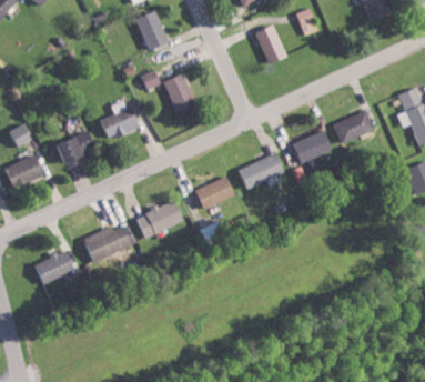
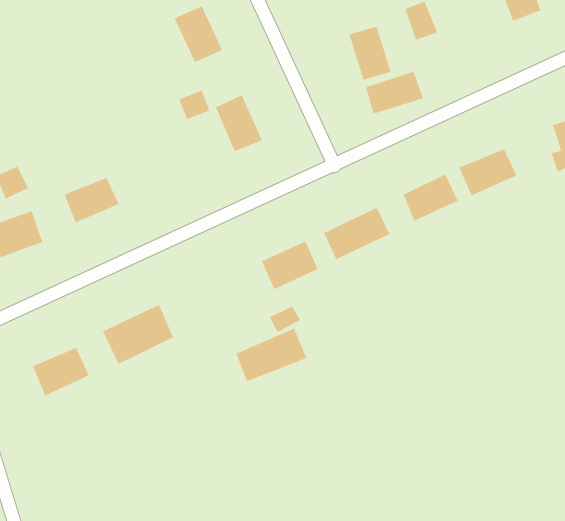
building: none -> [366,71,424,114]
building: [95,99,138,141] -> none
building: [134,200,184,238] -> [235,328,307,382]

